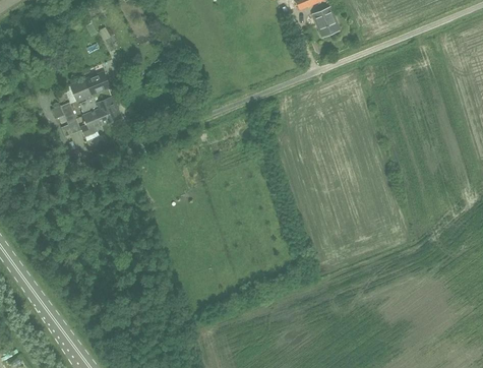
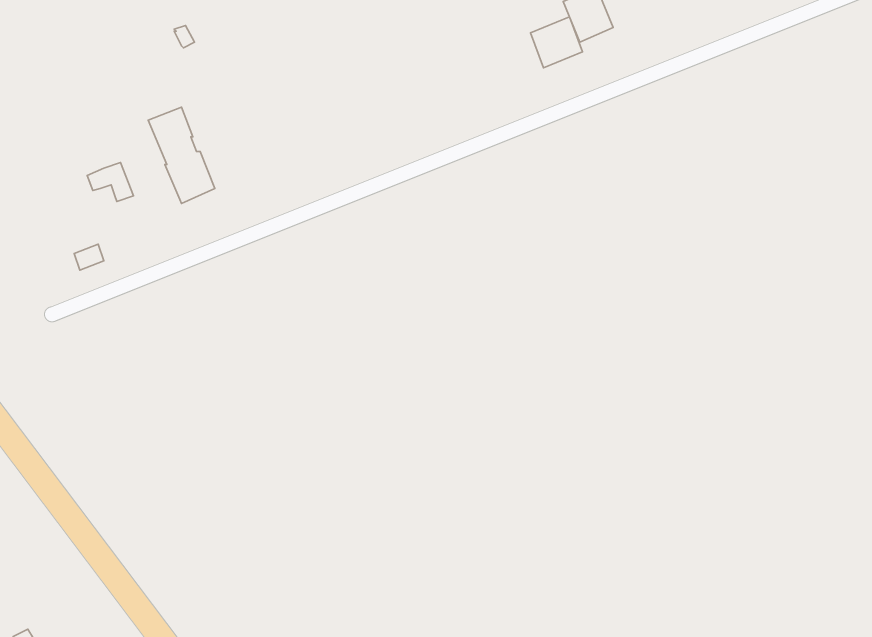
building: none -> [530,17,583,68]
building: [70,79,102,136] -> none

